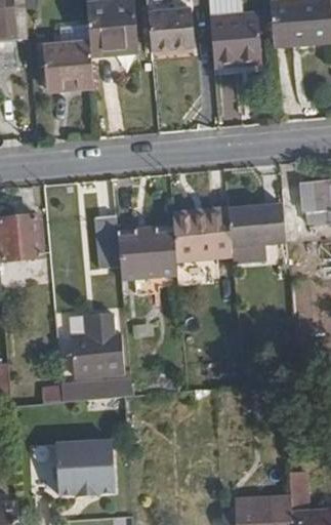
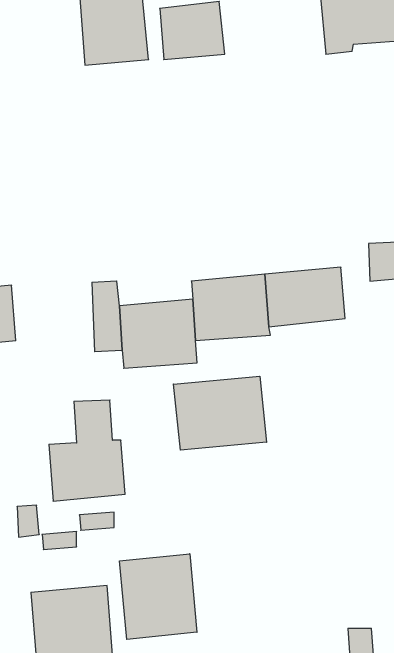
building: [208,12,261,66] -> none
building: [46,41,96,87] -> none
building: none -> [173,376,267,450]
building: none -> [120,554,197,639]

